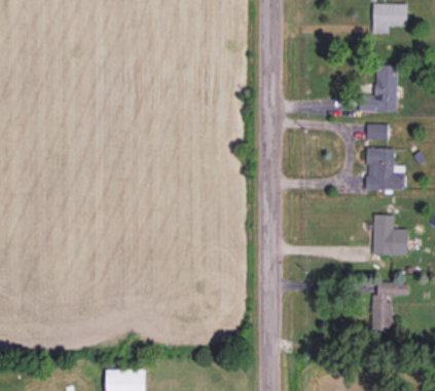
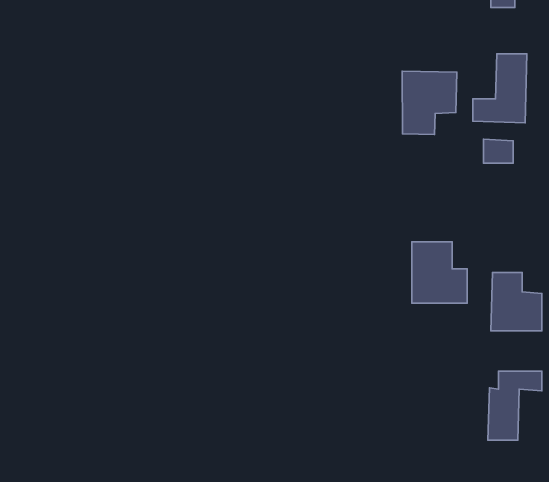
building: none -> [402,71,457,134]
building: [366,148,404,190] -> [412,242,467,303]

